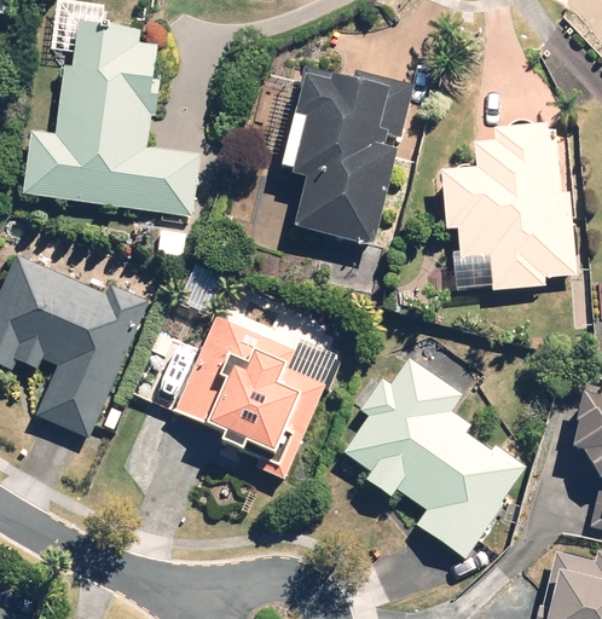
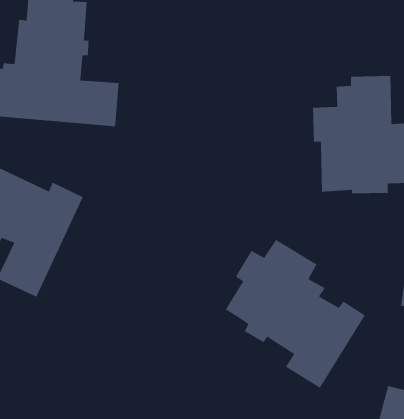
building: [283,64,412,247] -> none
building: [172,310,338,479] -> none

